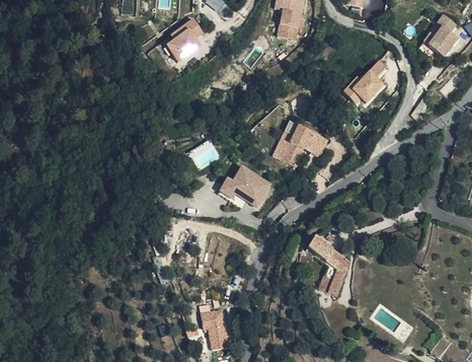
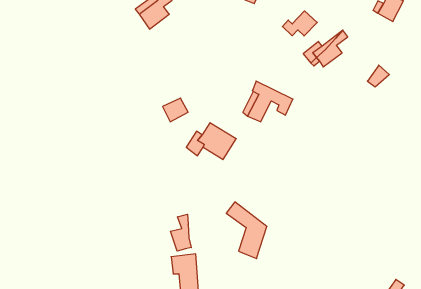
building: none -> [282,11,317,36]
building: [305,233,348,294] -> [226,202,267,259]
building: none -> [170,214,191,251]

